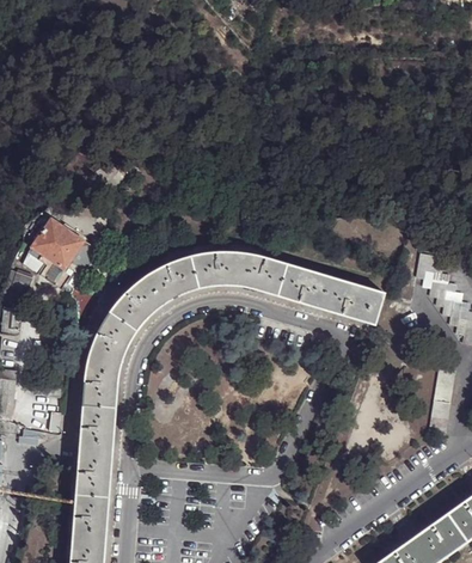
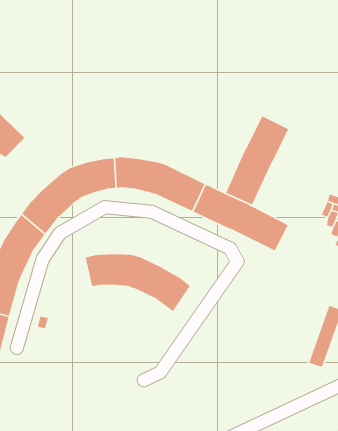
building: none -> [225,115,289,205]
building: none -> [85,253,191,312]

